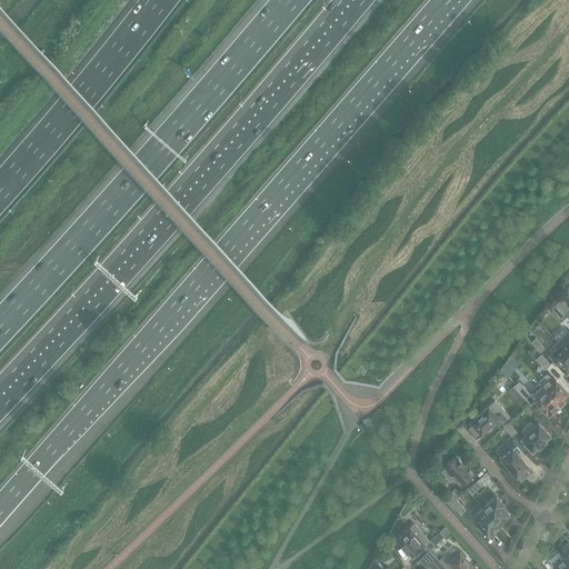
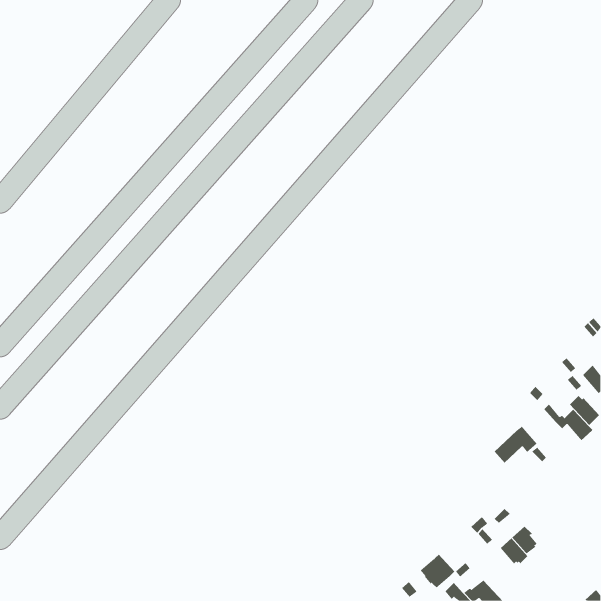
building: [521,422,550,451] -> none
building: [501,439,531,481] -> none
building: [441,456,473,486] -> none

